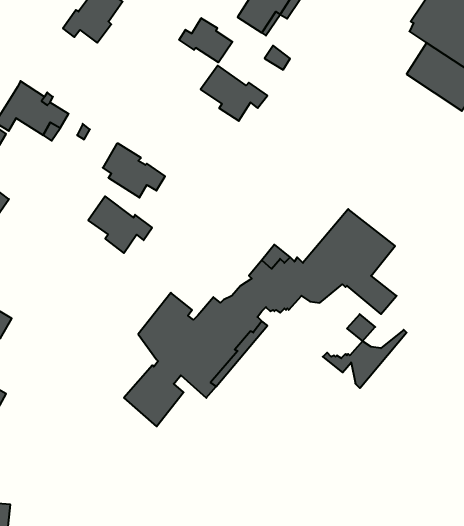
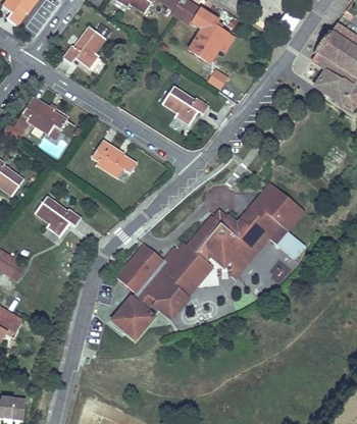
building: [179,18,232,62] -> none
building: [88,196,152,253] -> [35,195,81,235]
building: [323,330,407,388] -> [206,241,266,282]

